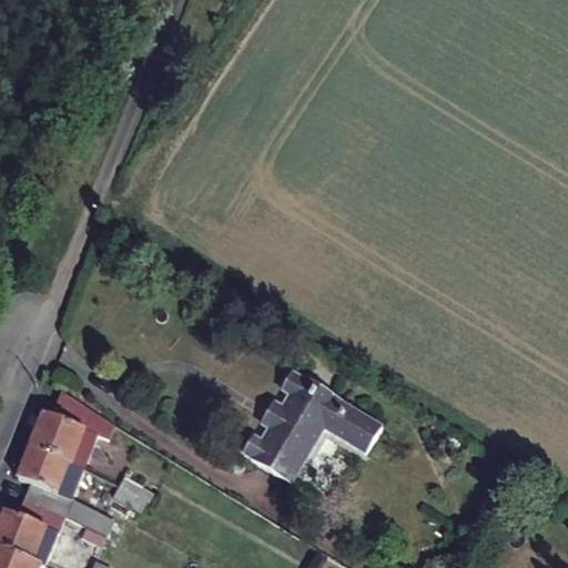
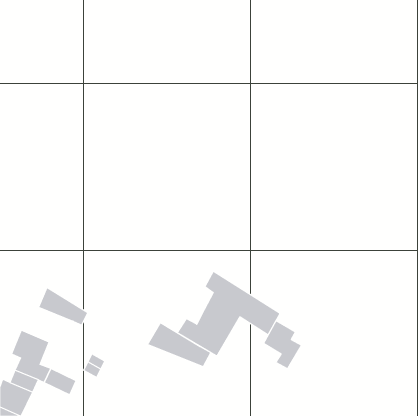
building: [29,414,99,471] -> none
building: none -> [263,321,302,369]
building: none -> [147,323,211,367]

